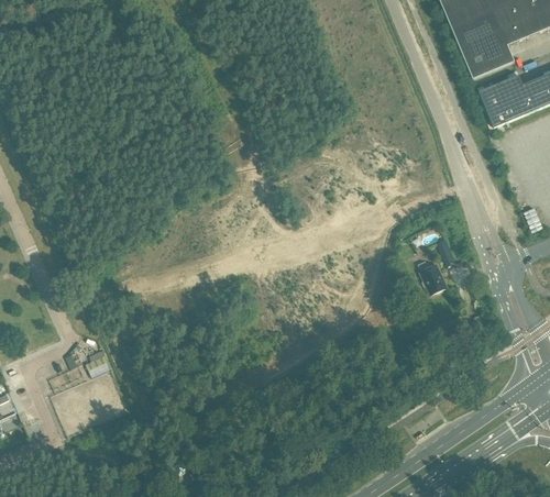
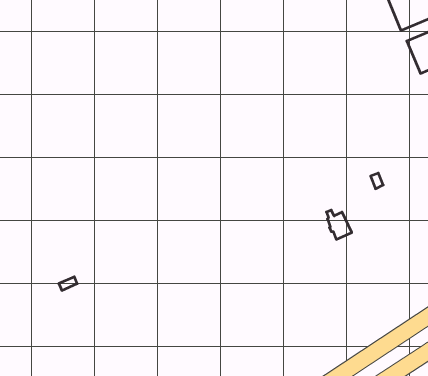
building: [418,259,447,292] -> [326,210,352,239]

